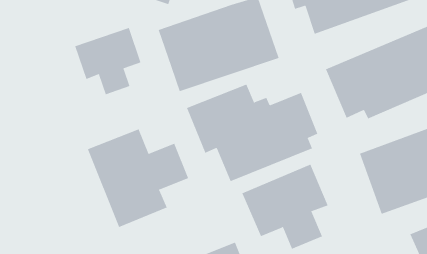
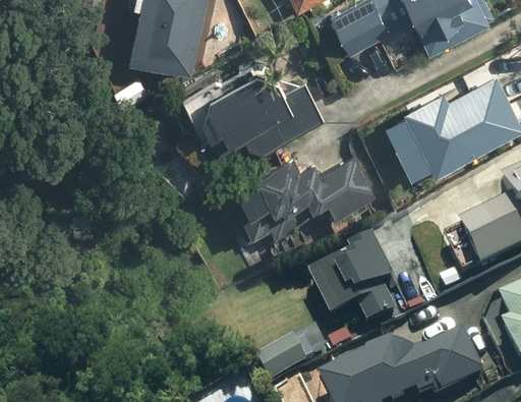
building: [74,27,141,95] -> none
building: [87,129,189,228] -> none

